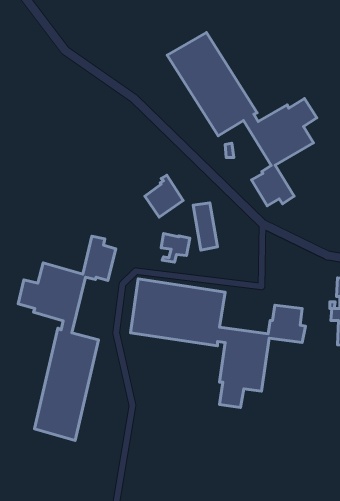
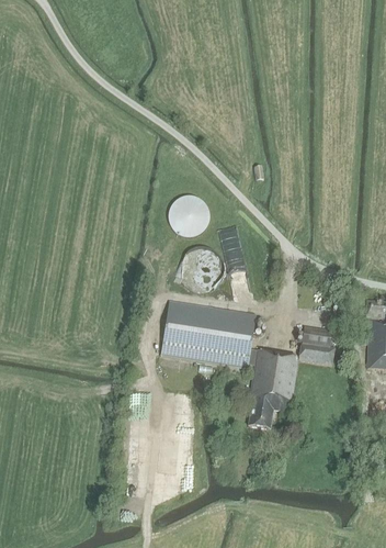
building: [167,32,317,206] -> none
building: [18,236,116,440] -> none

